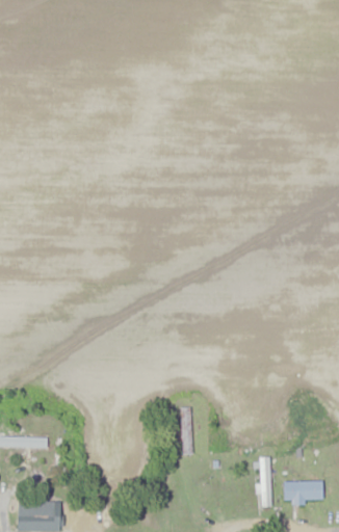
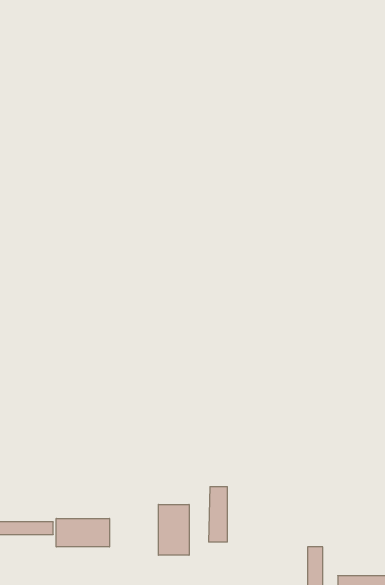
building: none -> [158,504,189,555]
building: none -> [56,518,109,547]

